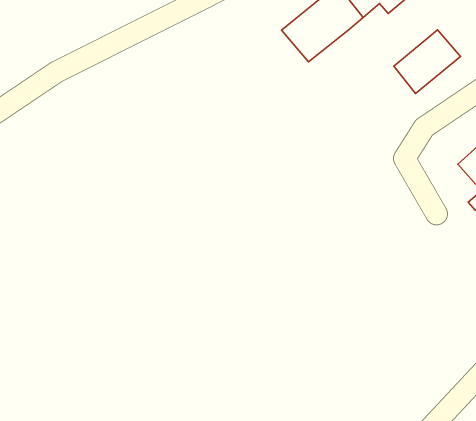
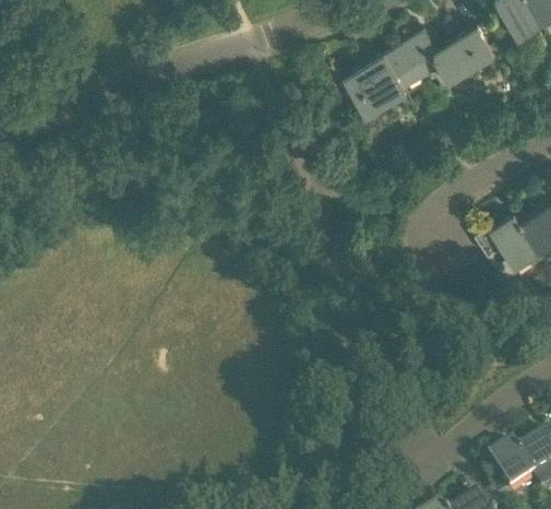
building: [394,30,460,94] -> none

